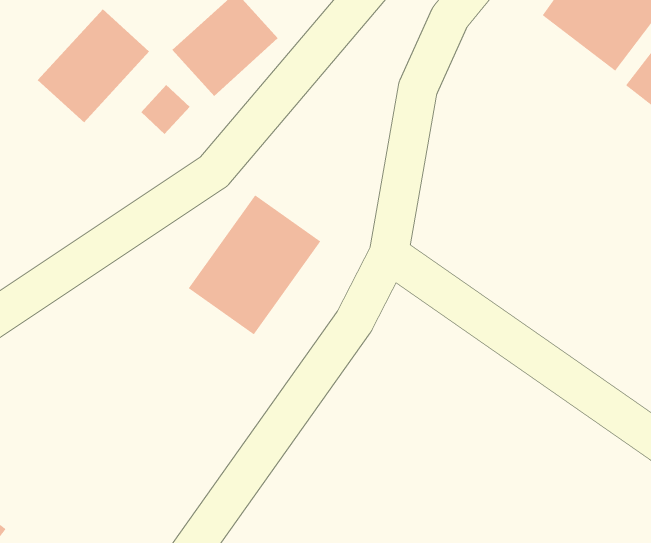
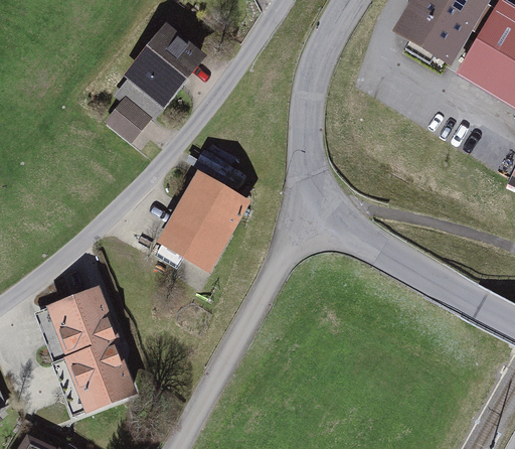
building: [37,8,150,123] -> none
building: none -> [49,292,136,409]

